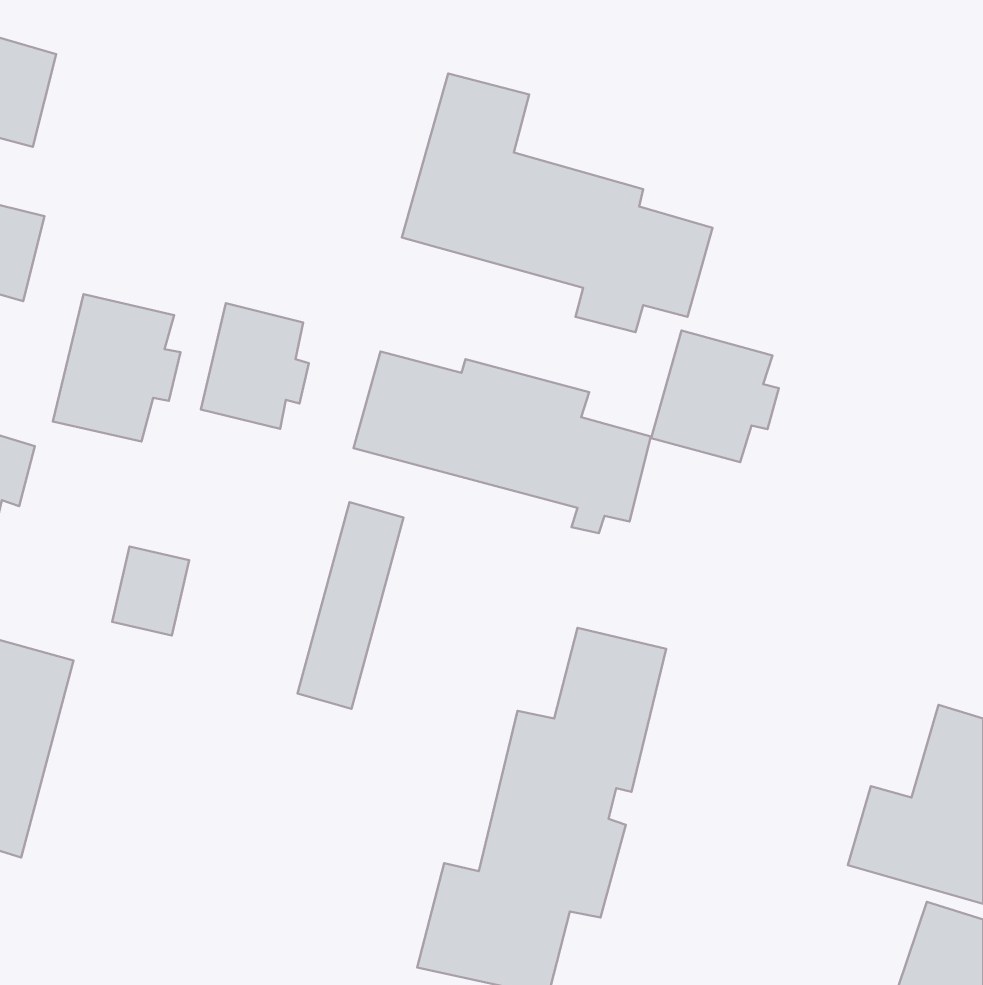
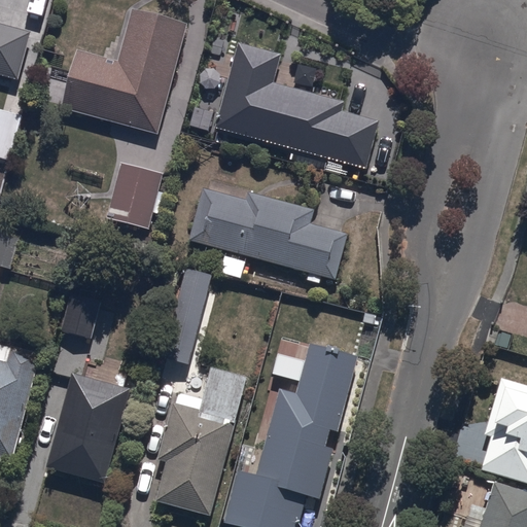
building: none -> [62,8,188,134]
building: [53,294,180,441] -> none
building: [651,330,779,462] -> none
building: none -> [47,363,132,483]
building: none -> [155,366,248,518]

